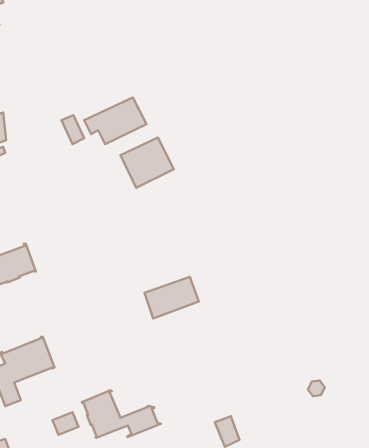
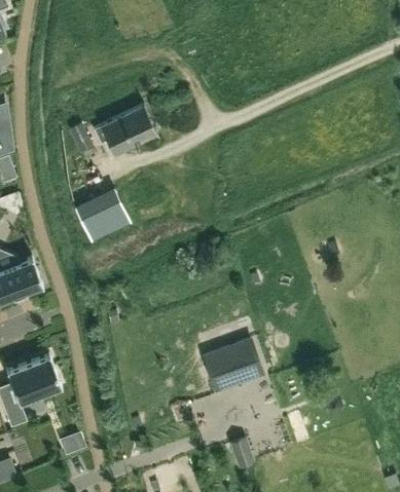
building: [120,137,174,188] -> [75,190,131,242]
building: [144,277,199,318] -> [204,341,260,384]
building: [82,390,161,438] -> none

